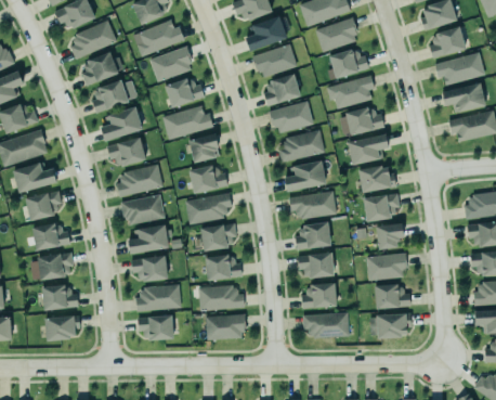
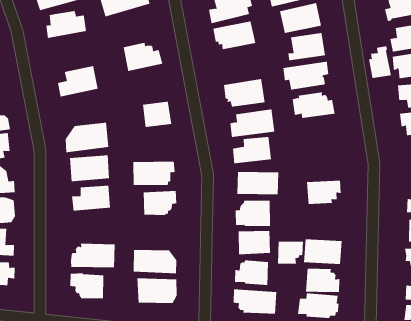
building: [149,48,194,82] -> none
building: none -> [369,46,392,79]
building: [261,70,302,107] -> none
building: [92,80,138,112] -> none
building: [161,105,213,140] -> none
building: [345,134,388,166] -> none
building: [107,140,145,168] -> none
building: [188,163,226,191] -> none
building: [358,165,395,194] -> none
building: [375,224,402,250] -> [277,241,304,264]
building: [206,256,242,281] -> none
building: [131,257,168,283] -> none

